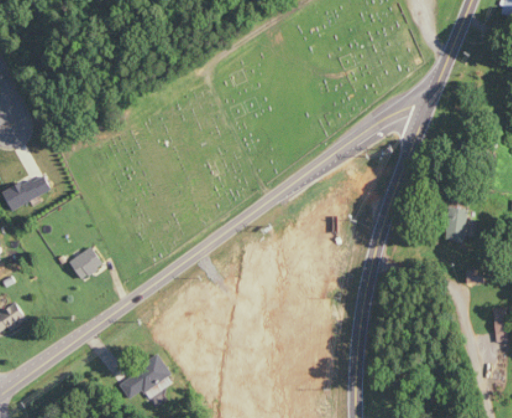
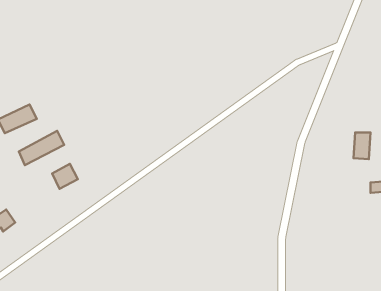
building: none -> [19,131,64,165]
building: [118,357,170,401] -> none

